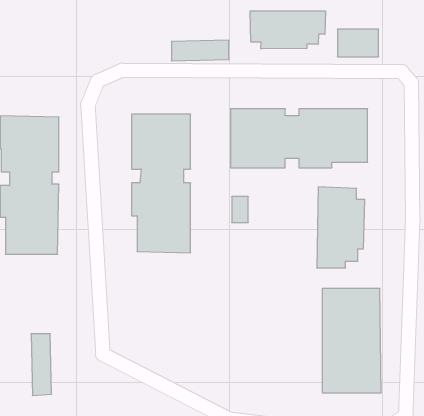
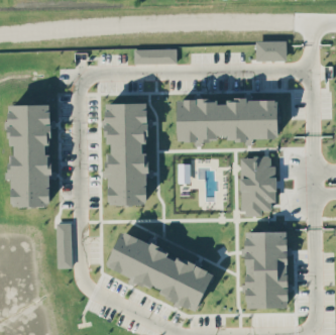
building: [250,11,325,49] -> none
building: none -> [107,232,213,308]
building: [31,334,52,395] -> [55,223,71,268]

